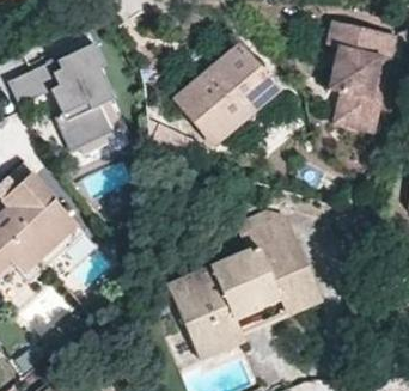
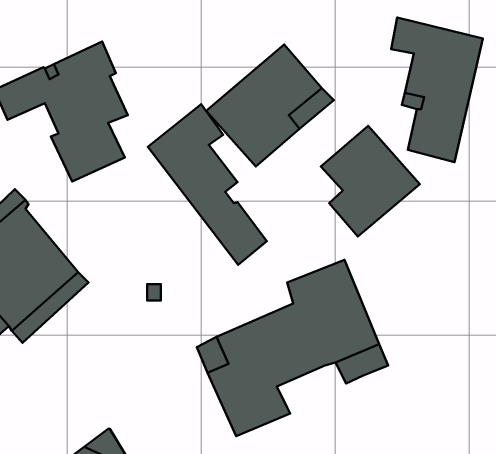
building: none -> [148,104,267,265]
building: none -> [321,126,420,236]

